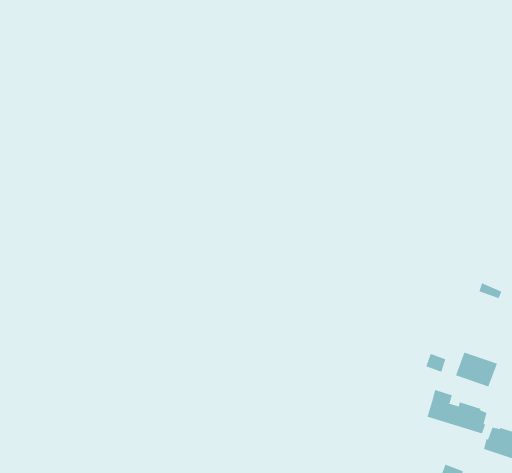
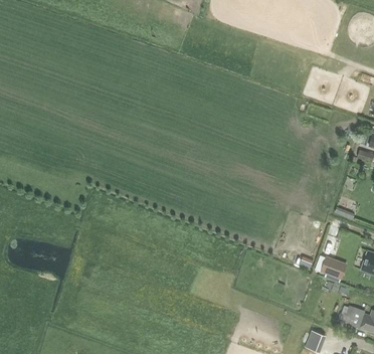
building: [427,389,487,434] -> none

